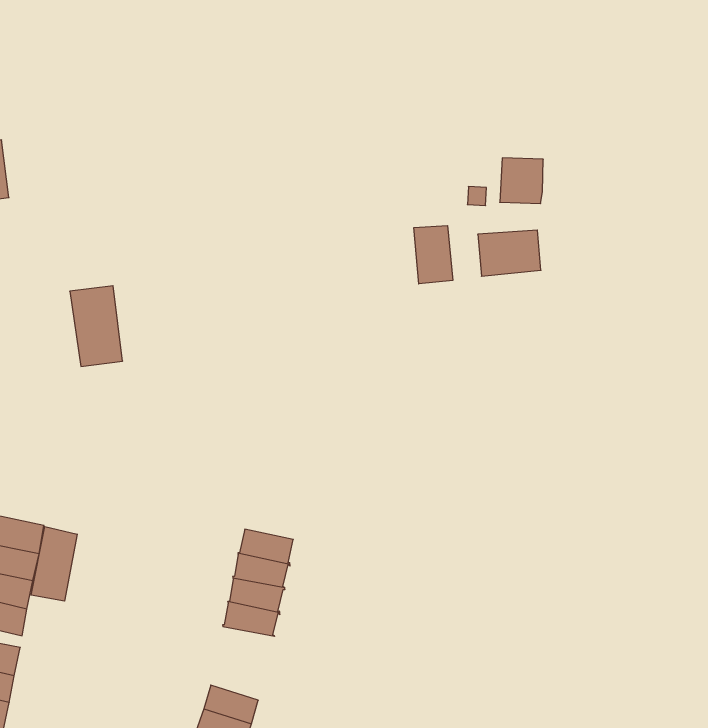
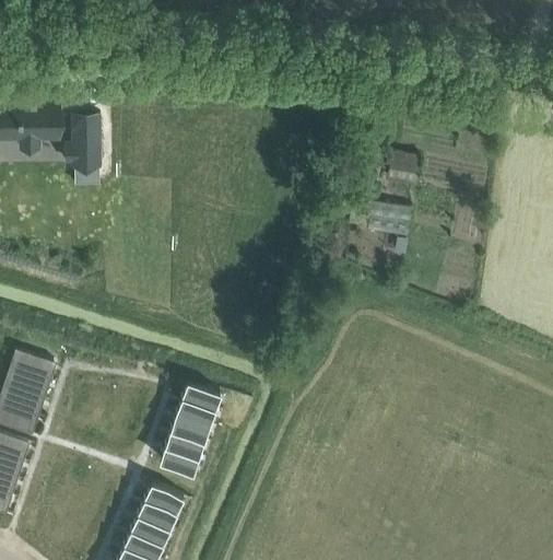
building: [414,226,453,284] -> none
building: [70,286,123,366] -> [70,120,99,172]
building: [31,527,77,601] -> none
building: none -> [160,450,198,477]

